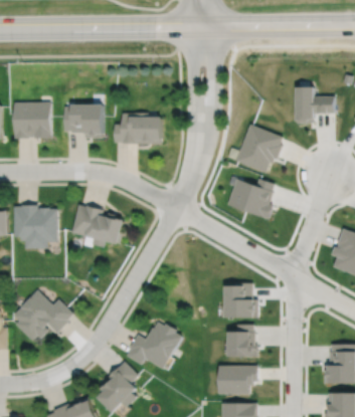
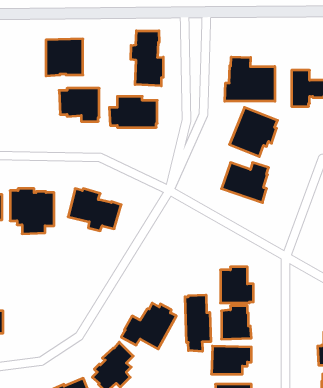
building: none -> [131,31,163,86]
building: none -> [225,57,275,101]
building: [14,102,51,140] -> [46,39,83,76]
building: [12,291,73,342] -> none
building: none -> [185,295,211,351]

